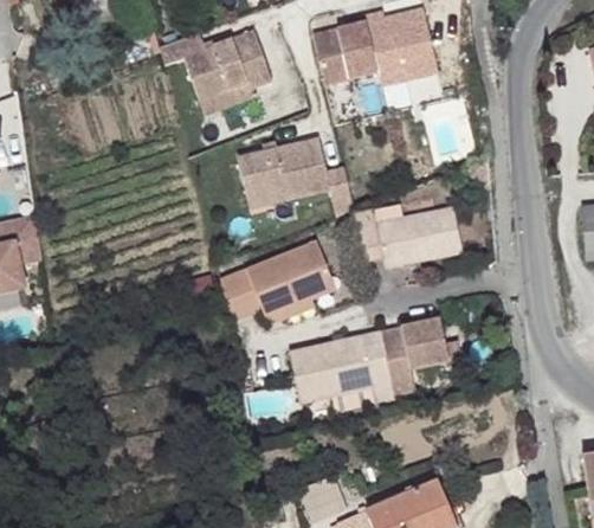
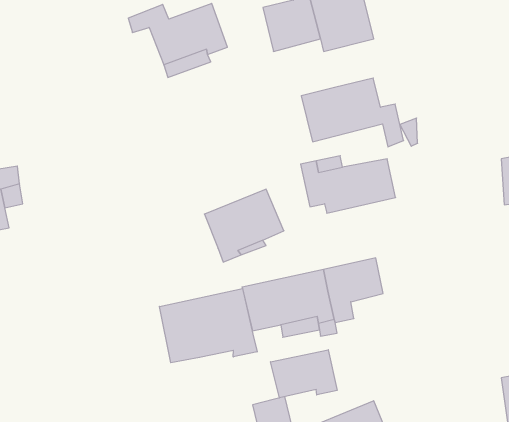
building: [238,136,354,214] -> [301,78,404,147]
building: [220,269,262,321] -> none
building: none -> [159,288,257,363]
building: none -> [271,350,337,398]

